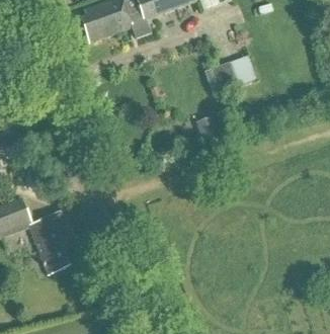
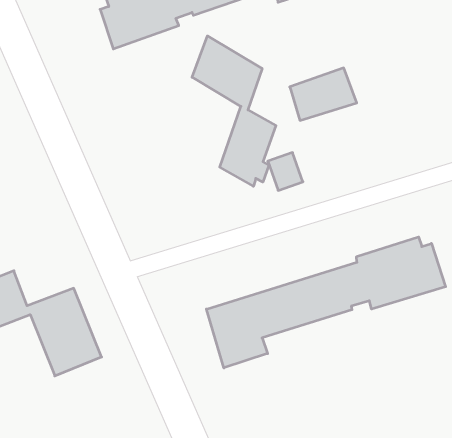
building: none -> [192,36,276,186]
building: none -> [206,237,446,368]

